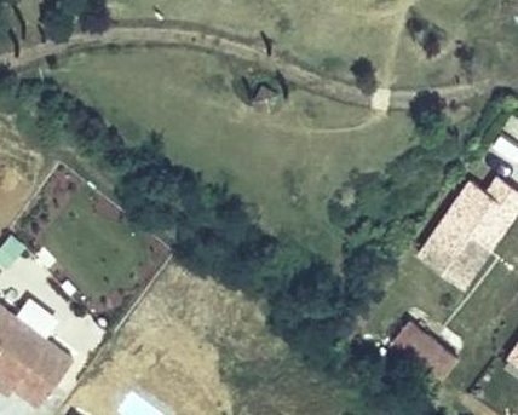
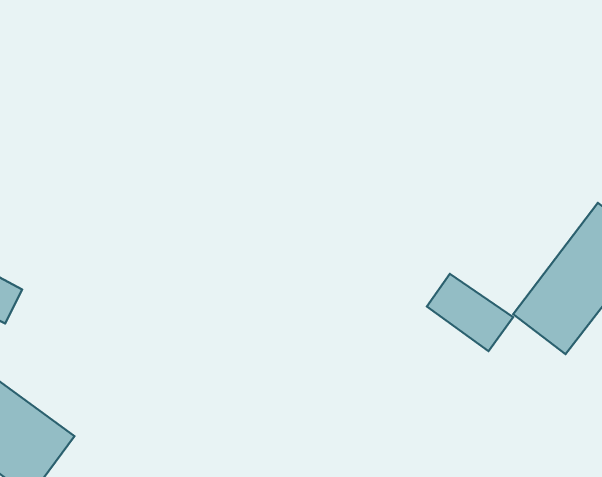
building: [388,321,456,381] -> [427,274,513,351]

